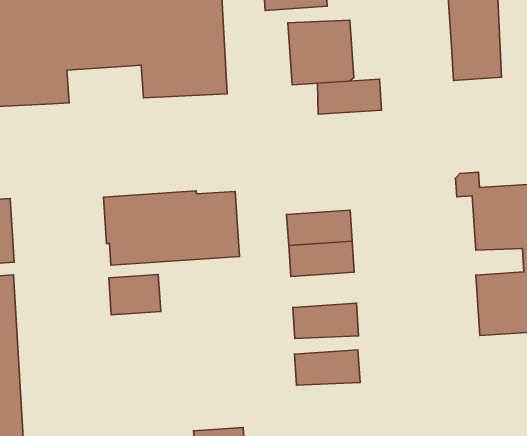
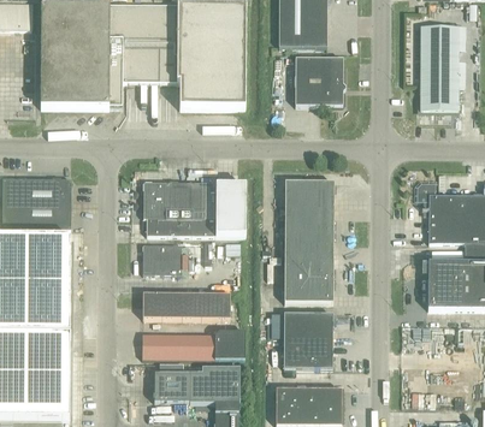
building: [318,79,382,114] -> [284,180,333,204]
building: none -> [284,253,333,277]
building: none -> [142,292,230,319]
building: none -> [142,330,244,358]
building: none -> [283,337,332,368]

